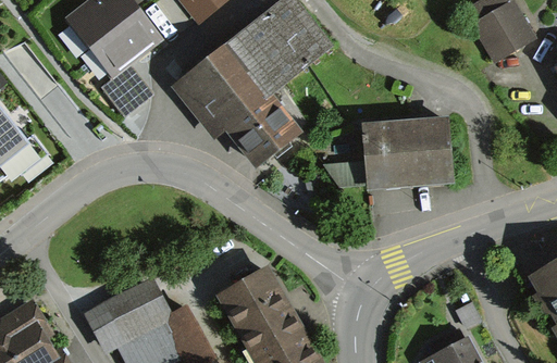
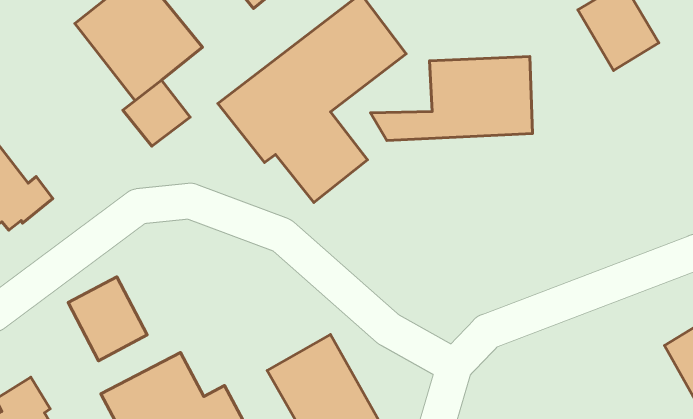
building: [318,120,446,186] -> [370,57,533,140]
building: none -> [68,277,147,361]

